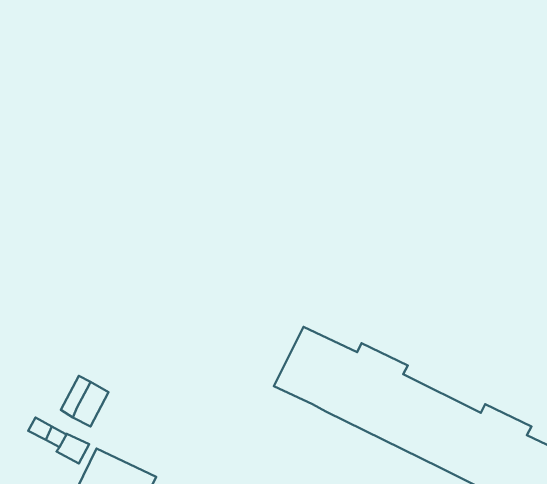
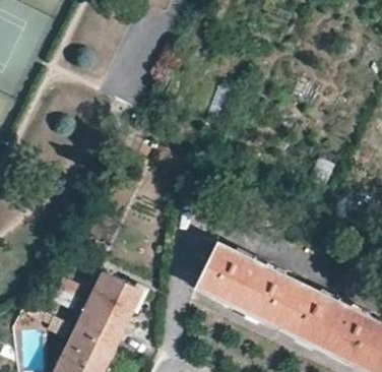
building: none -> [74,271,142,347]

